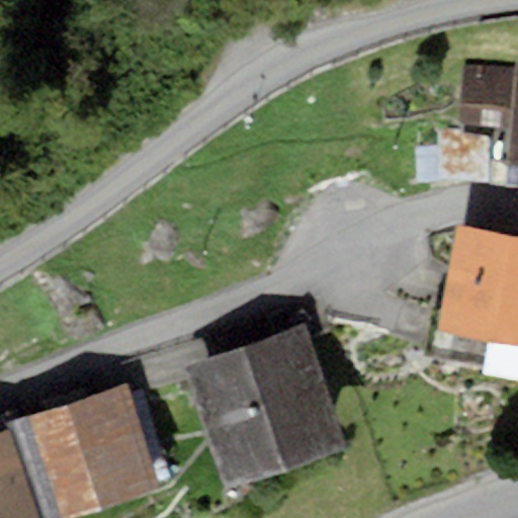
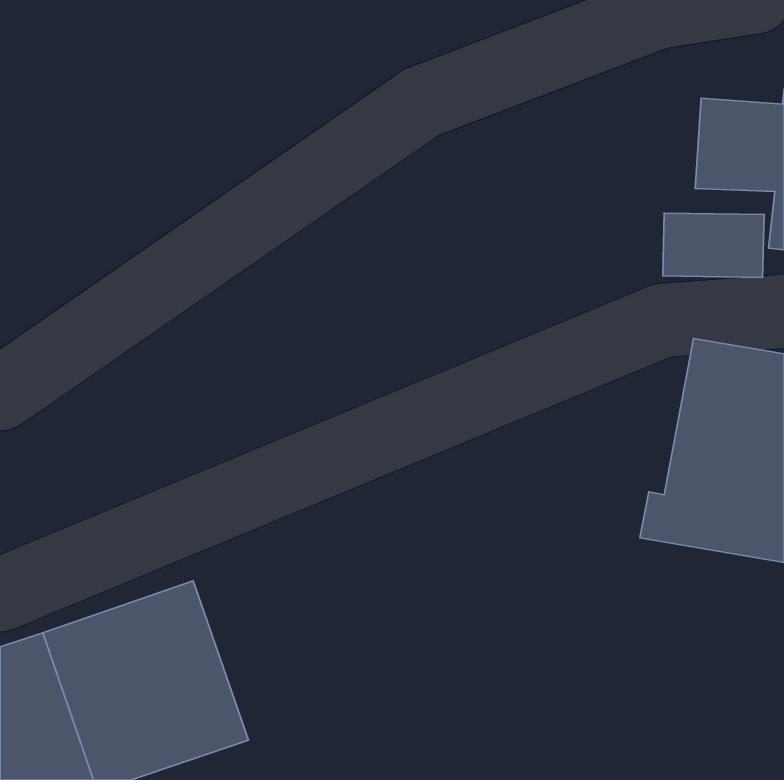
building: [182,296,349,491] -> none

